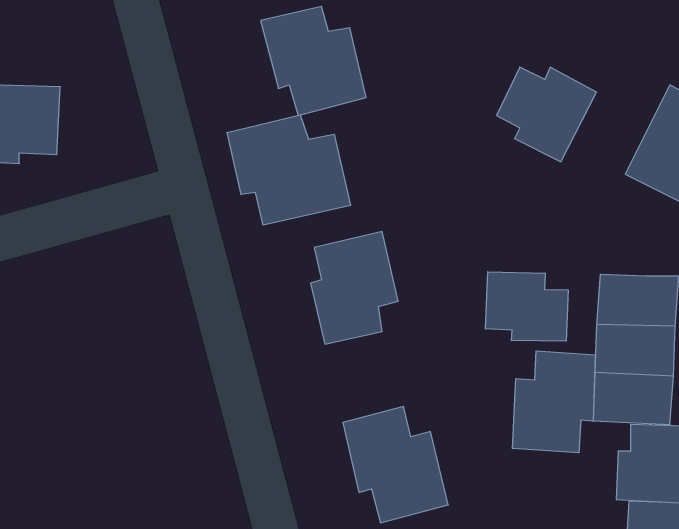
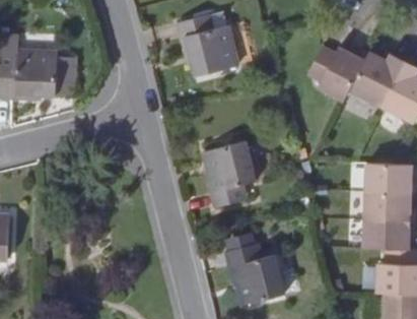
building: none -> [350,47,408,107]
building: [227,115,351,225] -> none
building: [485,272,568,341] -> none
building: [513,351,595,453] -> none

